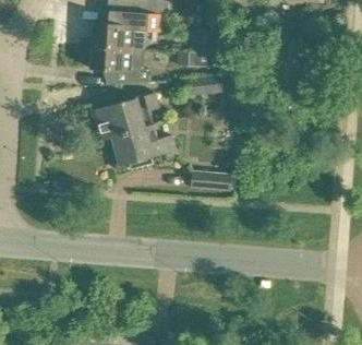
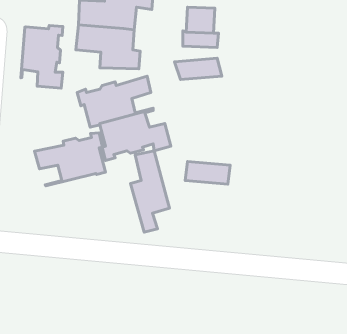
building: none -> [21,25,63,88]
building: none -> [34,133,105,186]
building: none -> [130,151,170,232]

